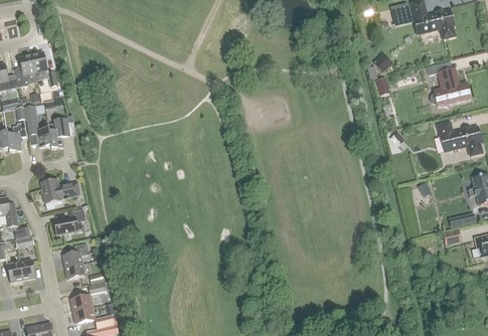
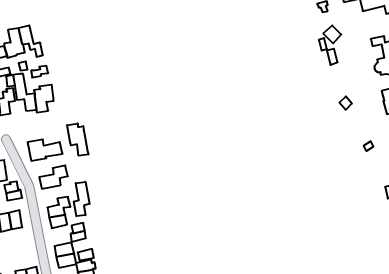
building: none -> [67,123,89,156]
building: none -> [74,182,90,216]

